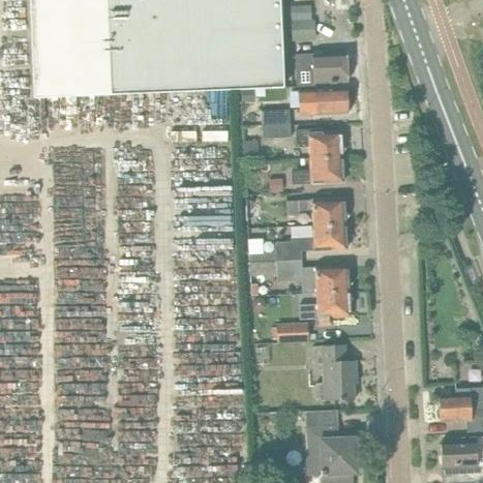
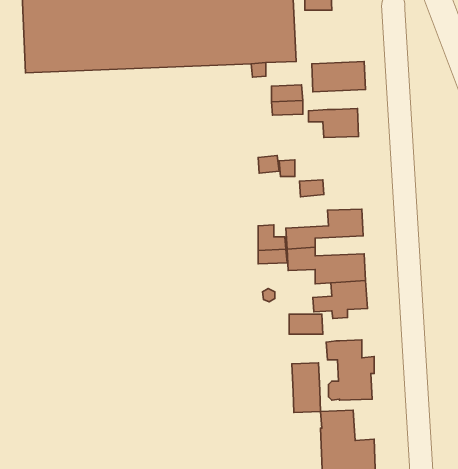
building: [296,53,348,83] -> none
building: [285,156,343,184] -> none
building: [312,198,345,224] -> none
building: none -> [292,363,321,413]

